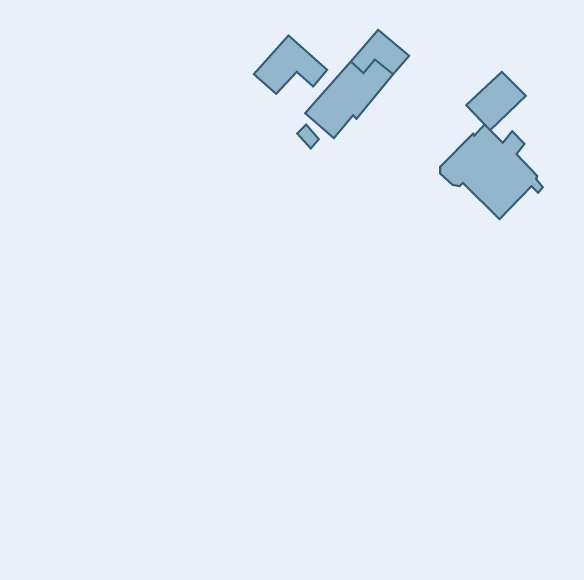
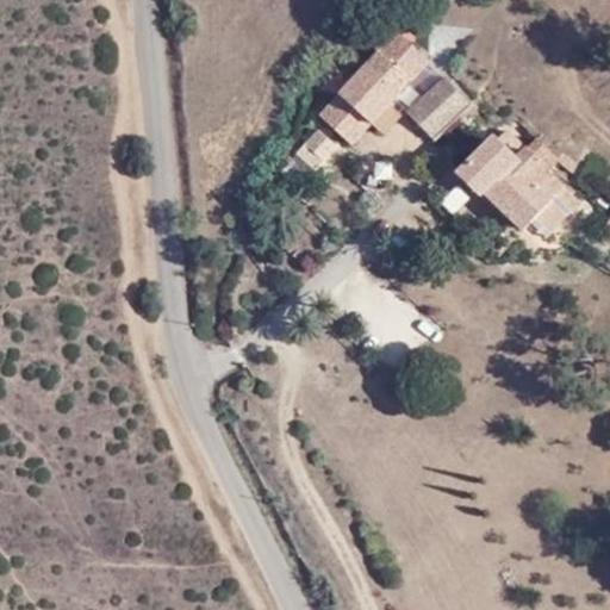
building: [254,35,327,94] -> none
building: [466,72,526,130] -> [407,77,469,138]

